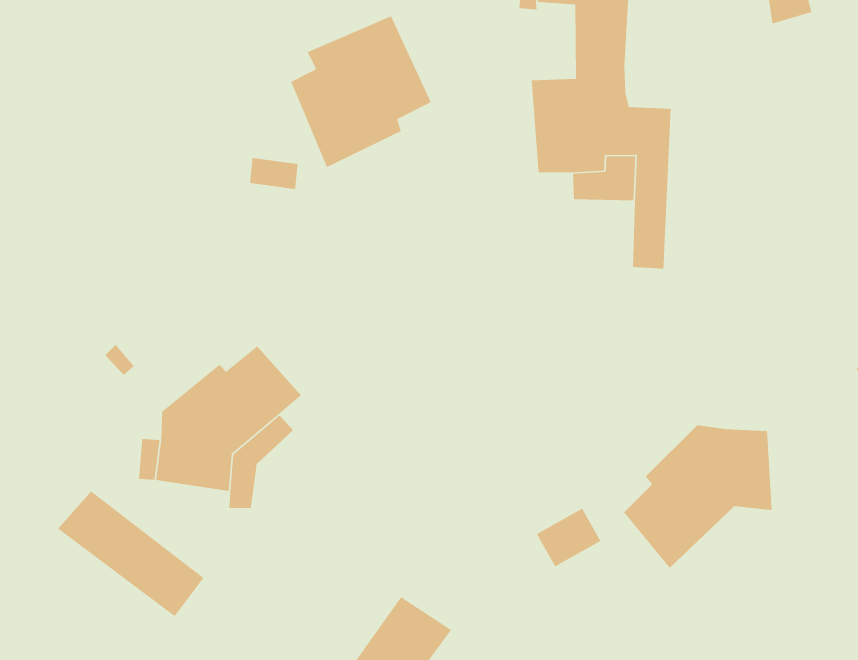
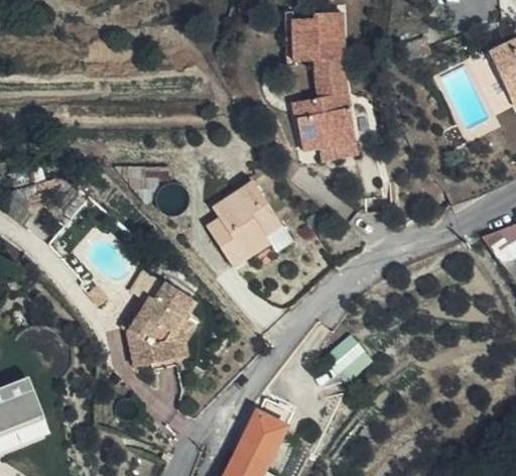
building: [290,15,432,168] -> [210,187,286,273]
building: [623,424,773,569] -> none
building: [57,490,204,617] -> none

